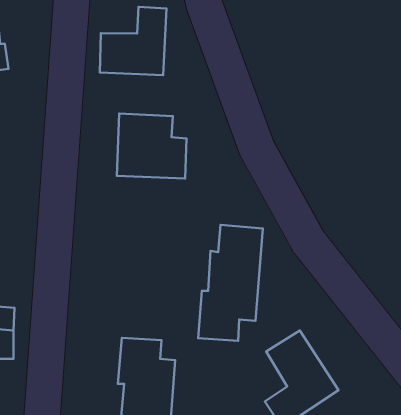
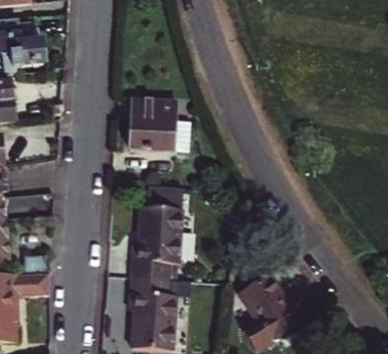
building: [100,7,167,75] -> none
building: [198,225,263,341] -> [134,187,186,280]

